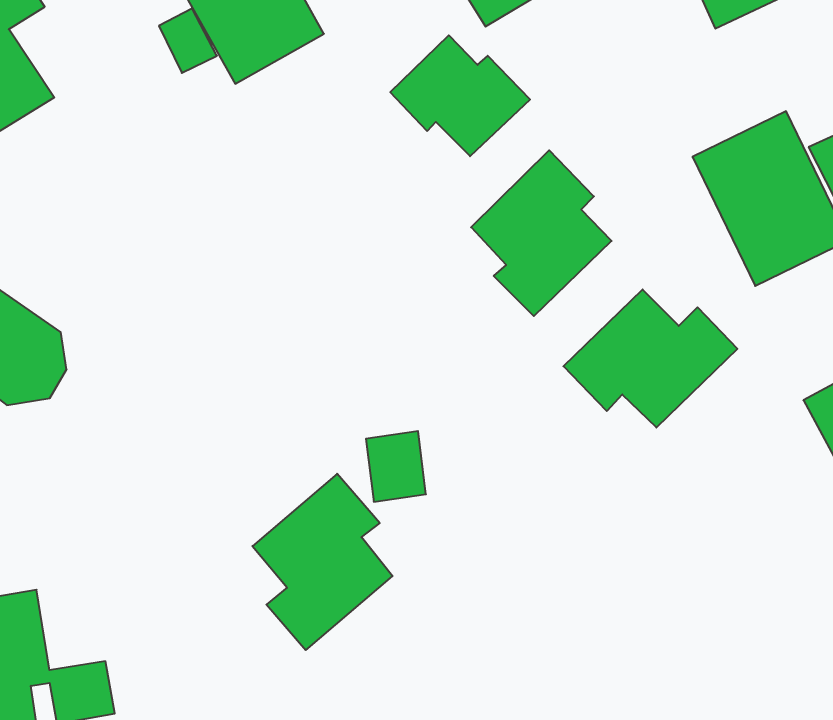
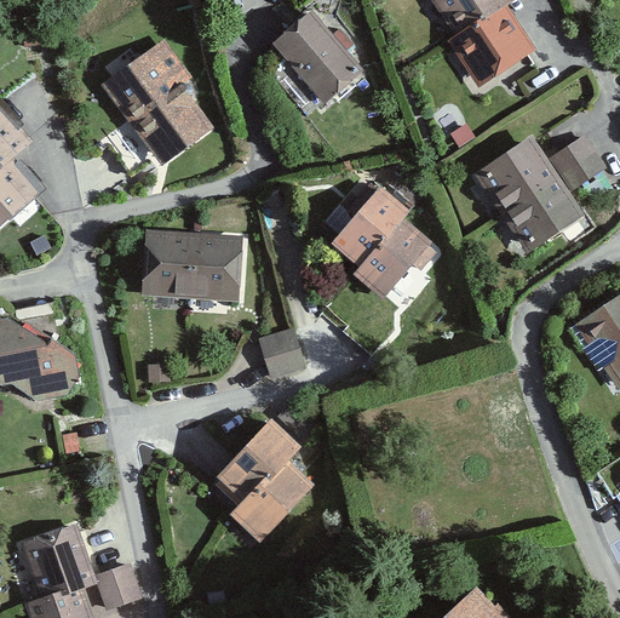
building: [390,35,530,156] -> none
building: none -> [142,228,242,299]
building: [563,289,737,428] -> none
building: [366,431,426,502] -> [259,330,304,380]

